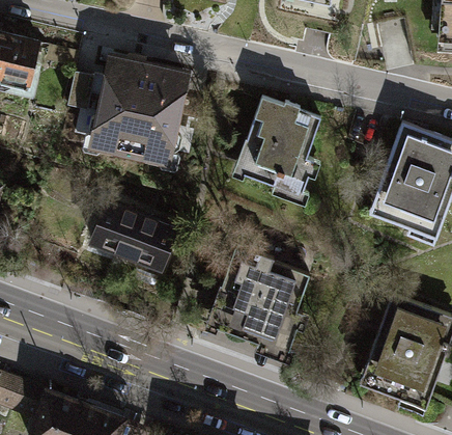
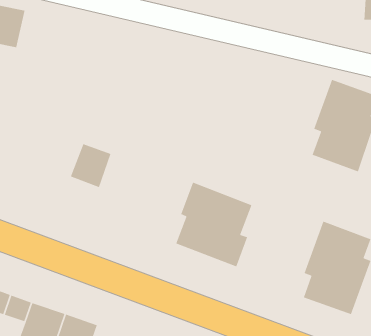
building: [69,55,185,160] -> none
building: [241,98,320,195] -> none
building: [125,215,176,270] -> none

